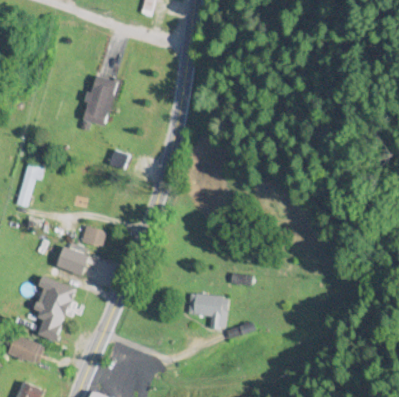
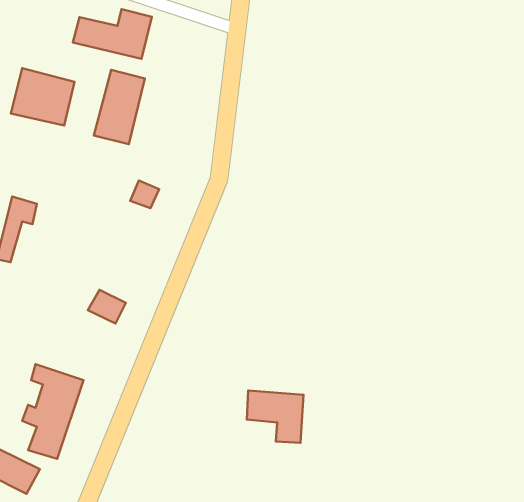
building: none -> [73,9,152,59]
building: none -> [11,68,75,125]
building: [57,246,90,276] -> none

